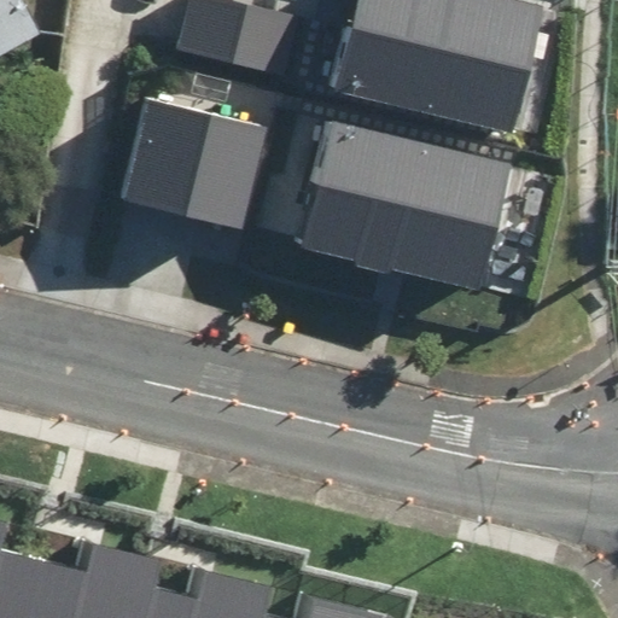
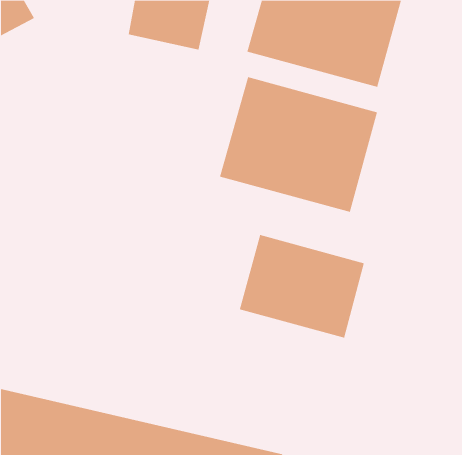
building: [133,92,256,217] -> none
building: none -> [239,234,364,339]

